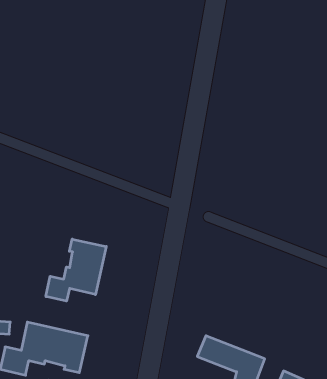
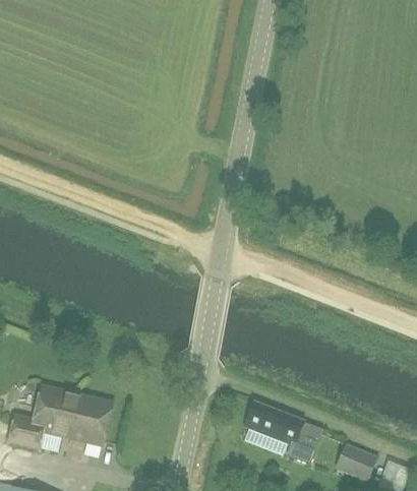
building: [46,239,106,301] -> none

